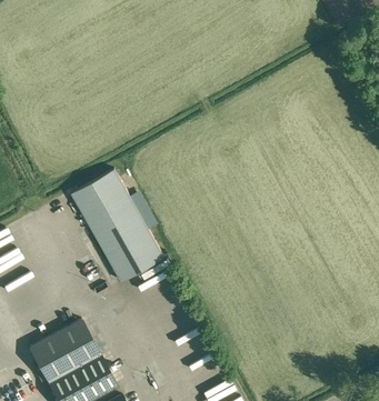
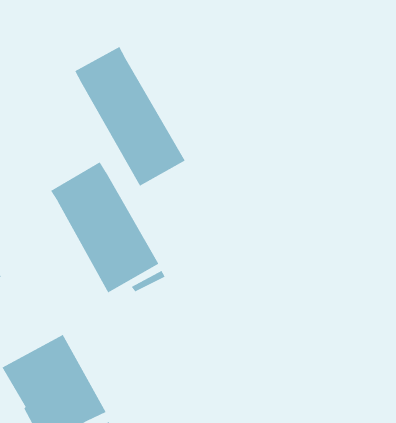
building: none -> [74,46,185,186]

